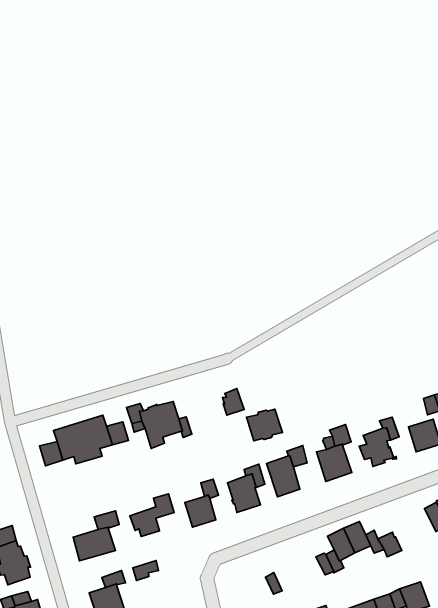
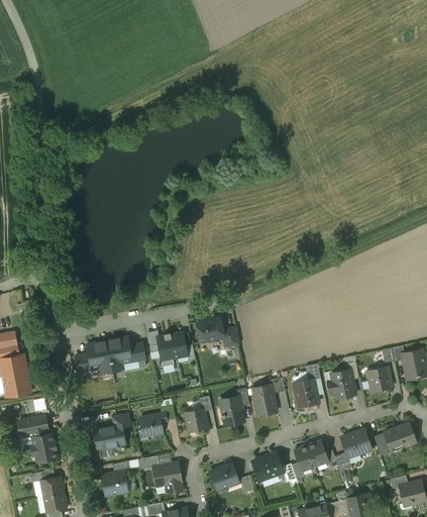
building: [246,409,283,441] -> [196,318,223,341]
building: none -> [340,430,370,456]
building: none -> [252,452,283,481]
building: none -> [209,463,238,490]
building: none -> [152,462,182,491]

